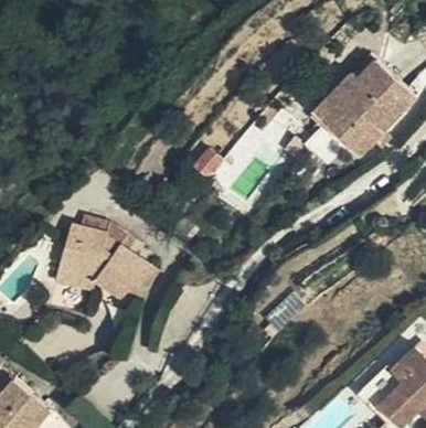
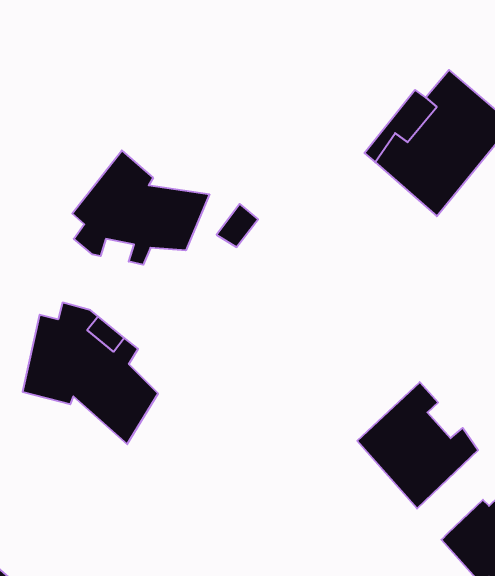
building: none -> [72,150,209,265]
building: none -> [357,382,478,509]

